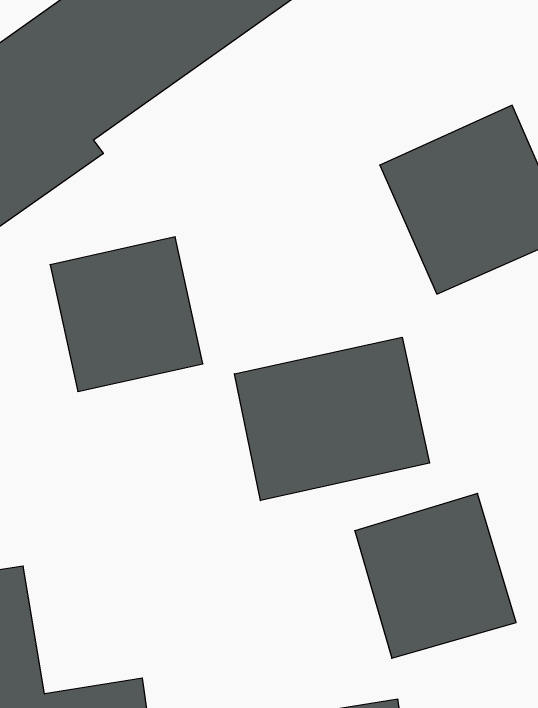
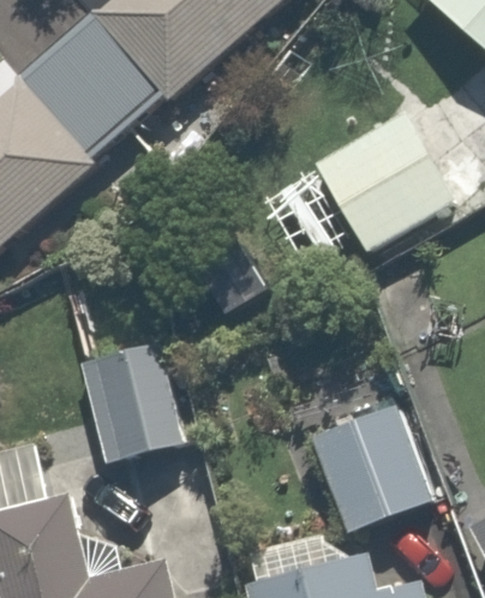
building: [50,237,203,391] -> [79,335,203,460]
building: [234,337,430,501] -> none

